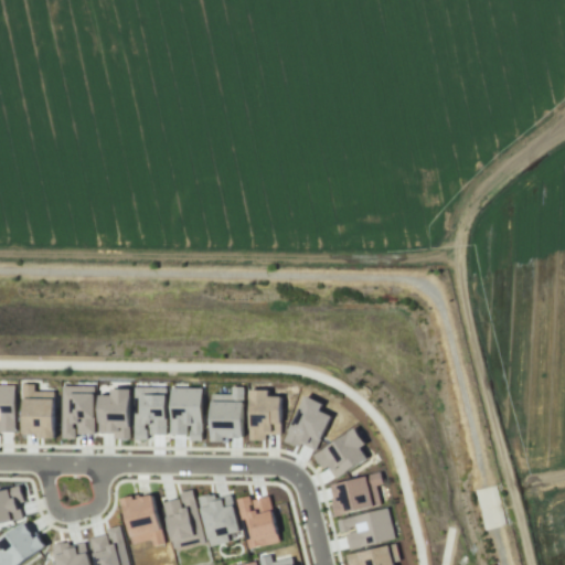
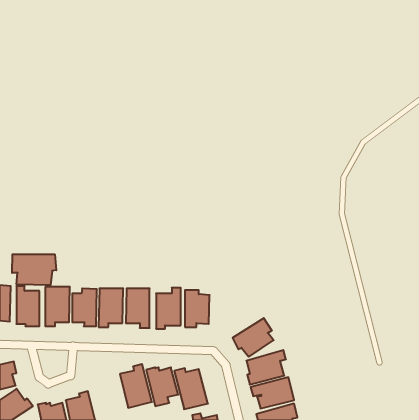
building: none -> [12,254,56,285]
building: [284,396,330,450] -> none
building: [119,493,163,545] -> none

